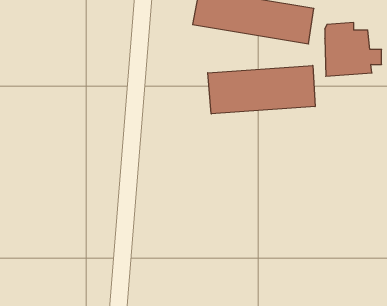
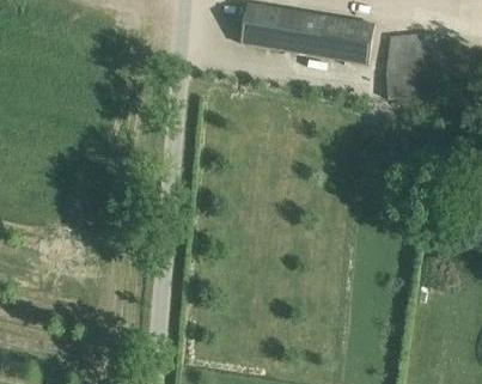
building: [208,65,315,114] -> none

